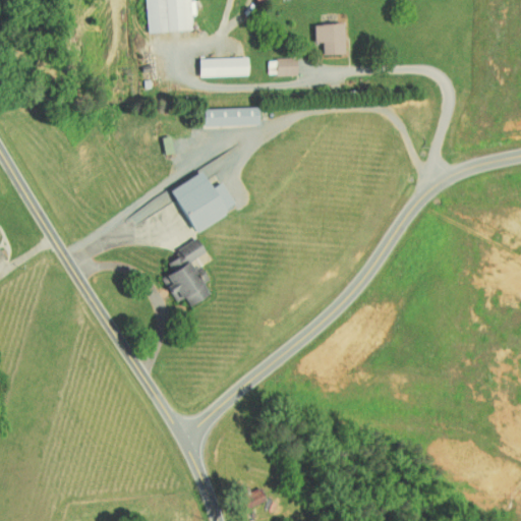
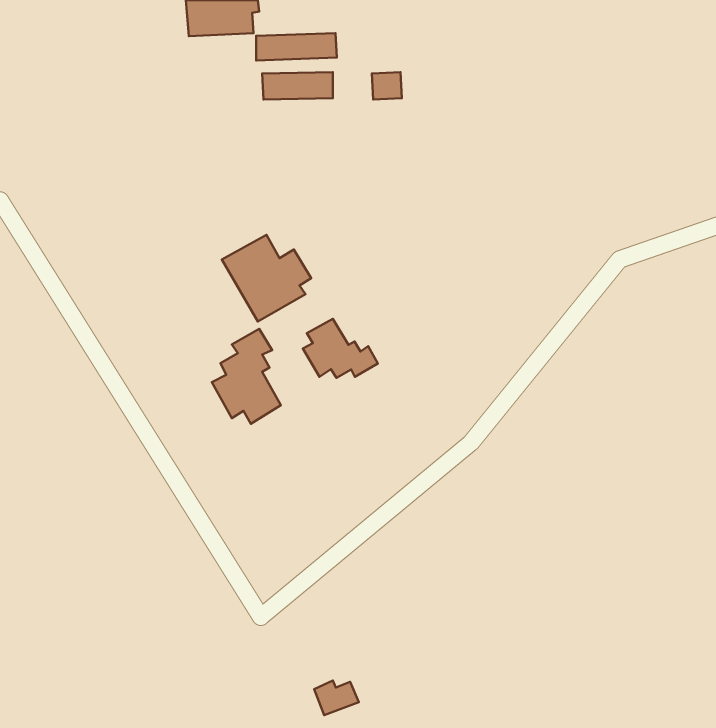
building: [314,23,345,54] -> none
building: [204,107,260,126] -> [256,33,337,60]
building: none -> [303,319,378,378]

